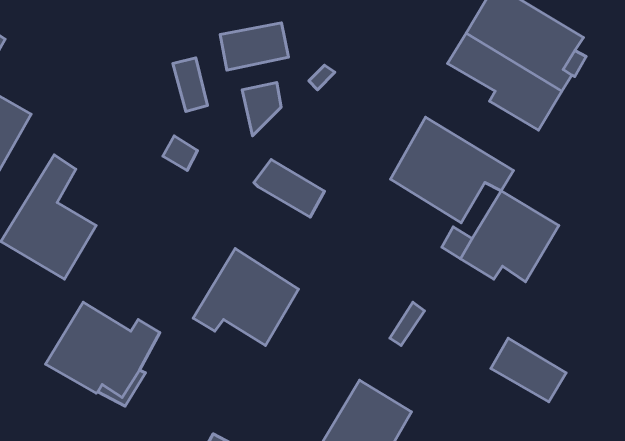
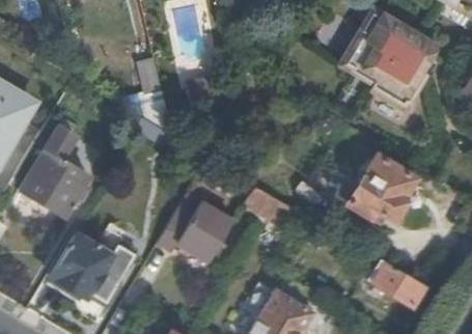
building: [220,23,289,70] -> none
building: [391,117,513,223] -> none
building: [254,159,325,217] -> [245,187,296,228]

